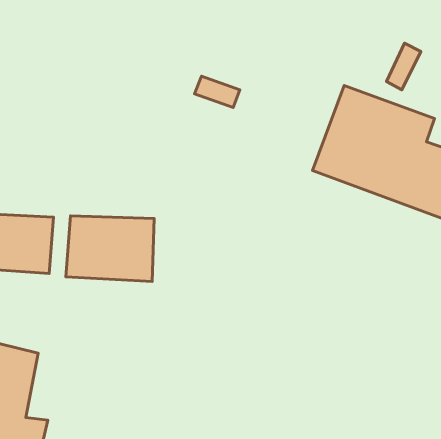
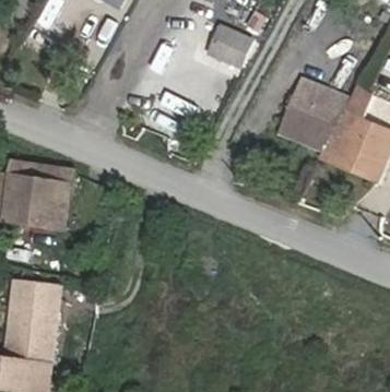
building: none -> [204,24,253,69]
building: [66,216,154,281] -> none

